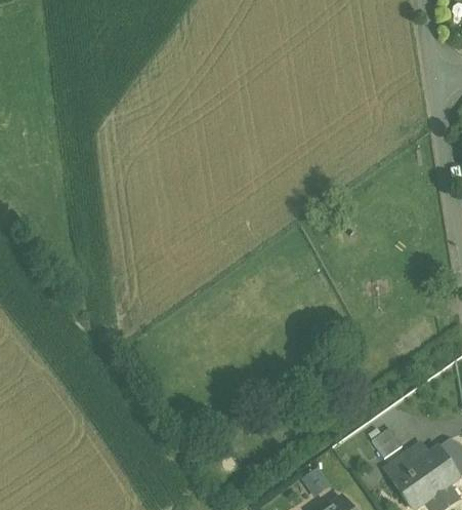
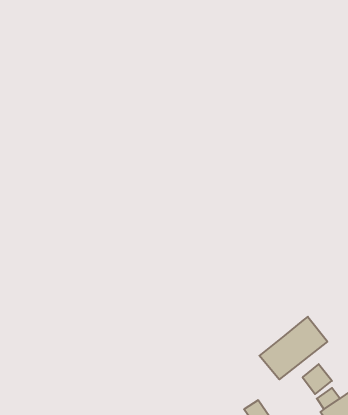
building: none -> [259,317,327,379]

